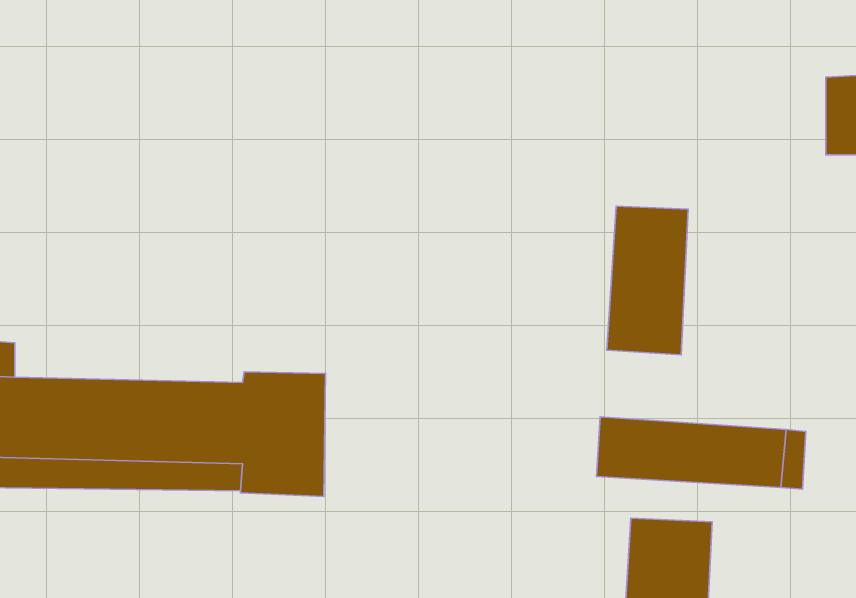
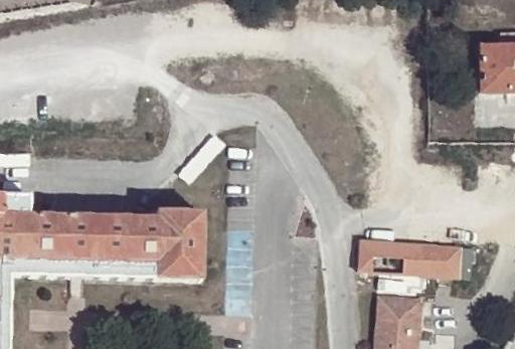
building: [607,206,688,355] -> none

